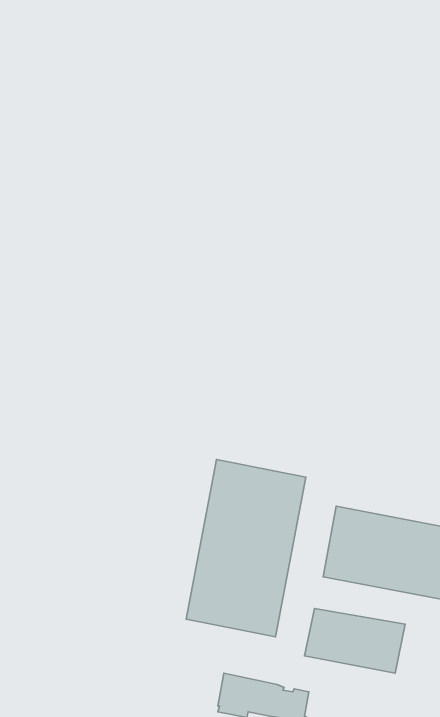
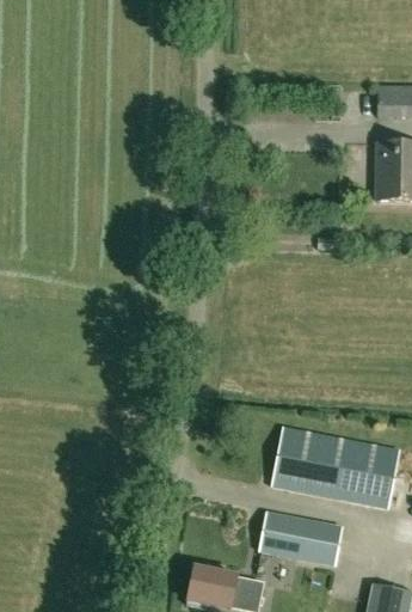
building: [186,459,306,637] -> none

